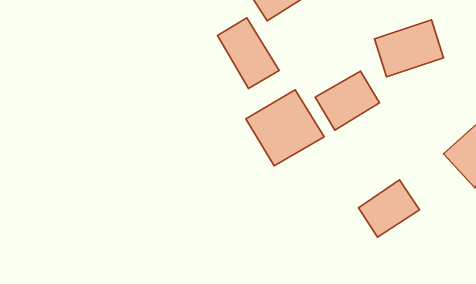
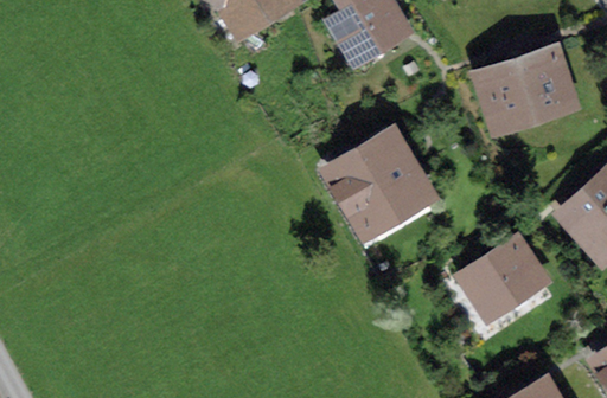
building: [218,18,279,89] -> none
building: [315,71,380,130] -> none

